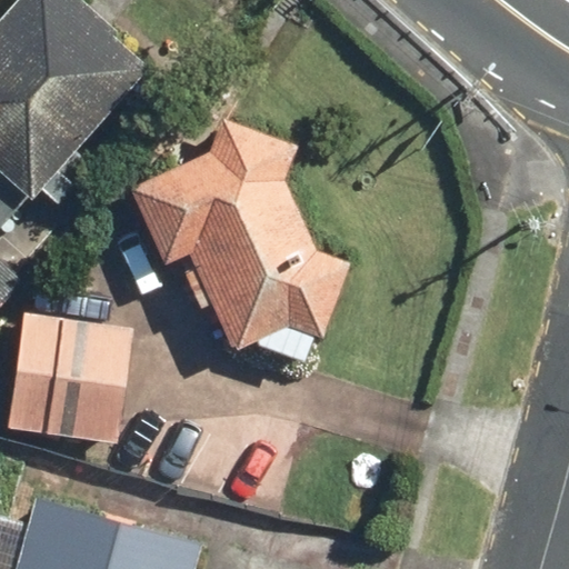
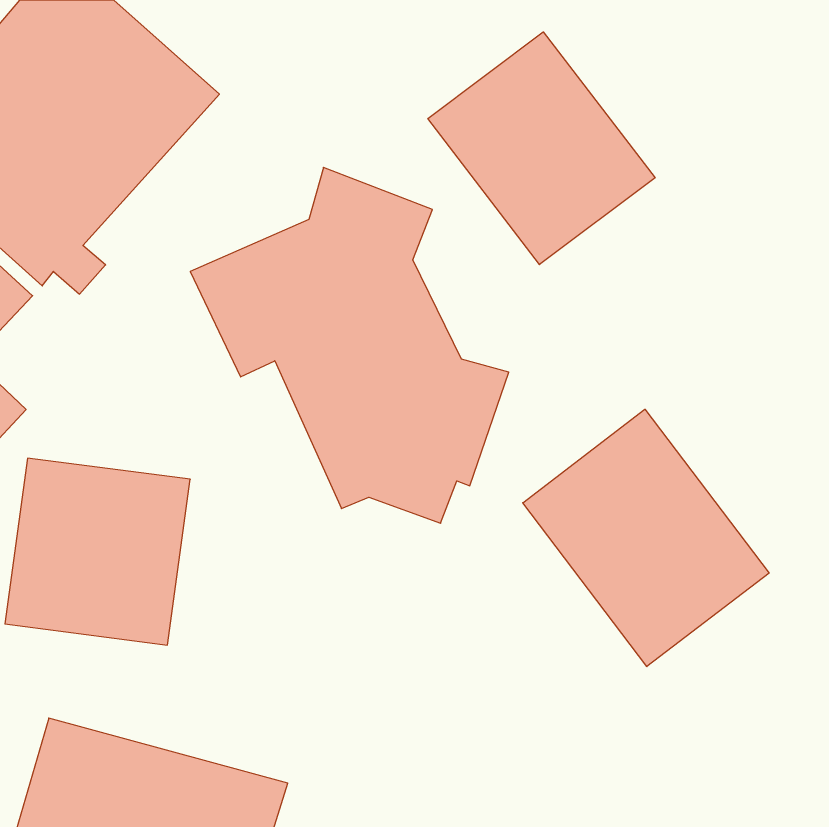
building: none -> [428,32,655,265]
building: none -> [523,409,769,667]

